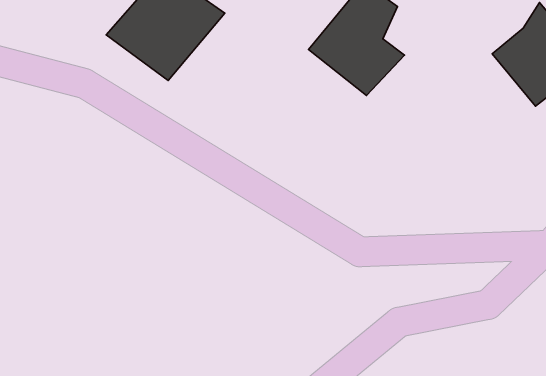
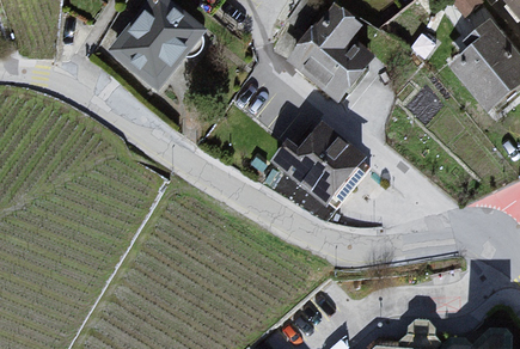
building: none -> [263,116,361,203]

